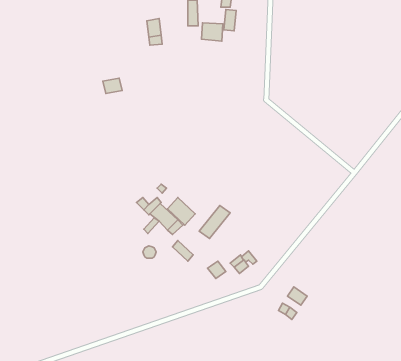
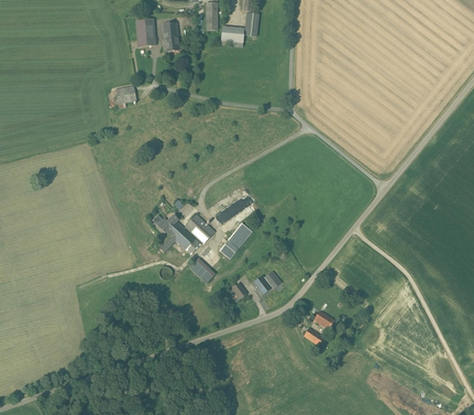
building: none -> [136,19,155,46]

